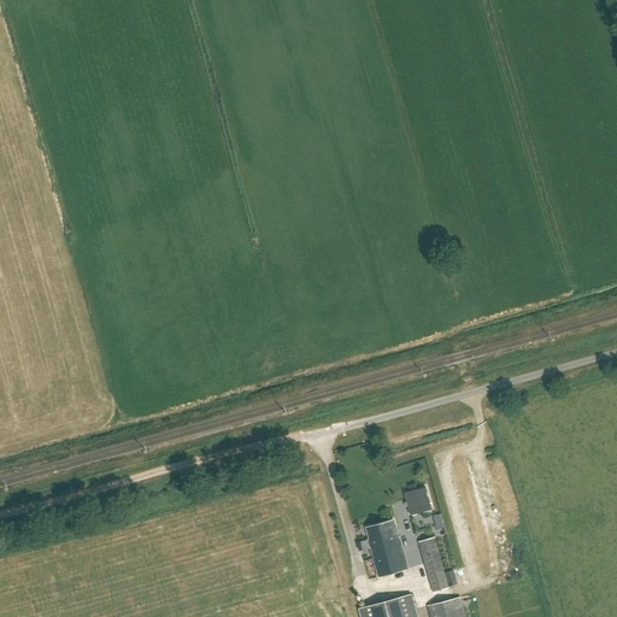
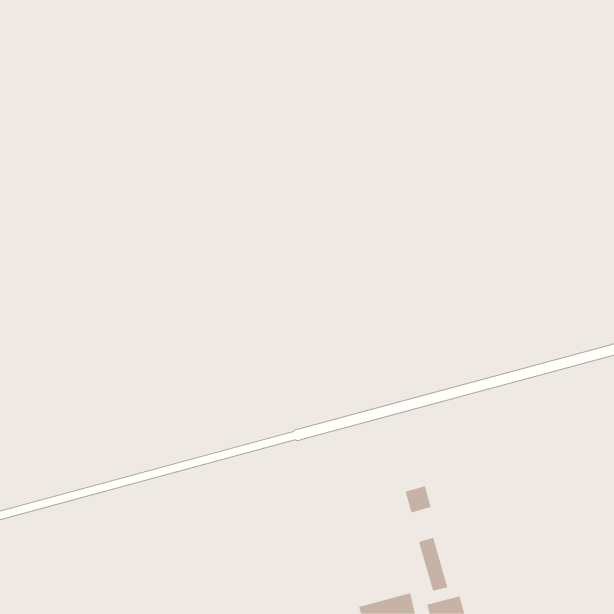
building: [365,521,407,577] -> none

